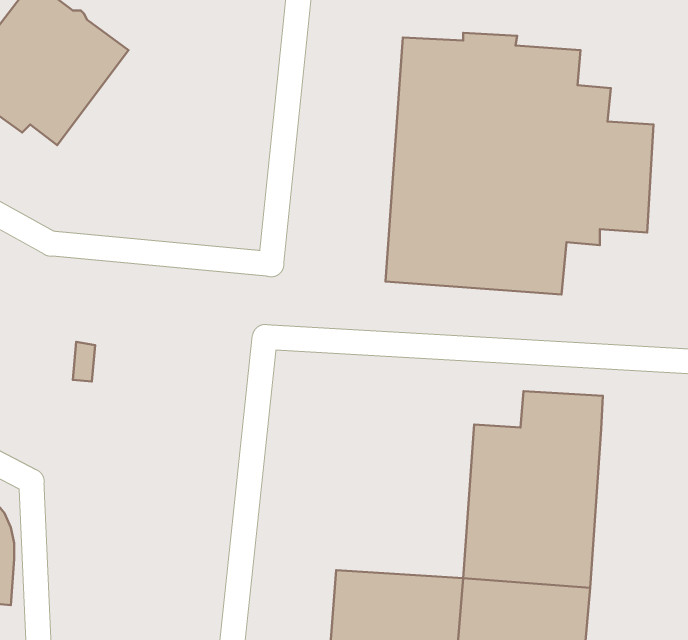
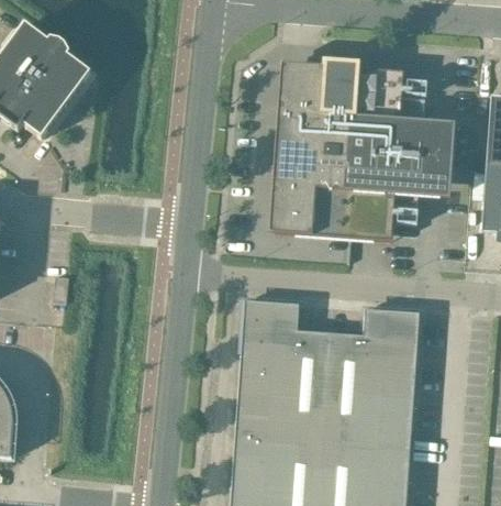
building: none -> [235,299,331,438]

